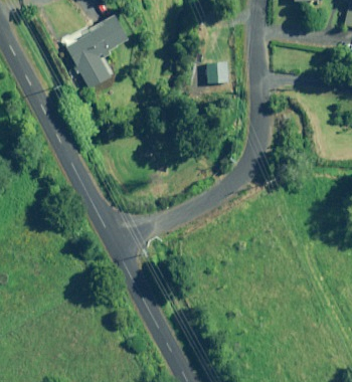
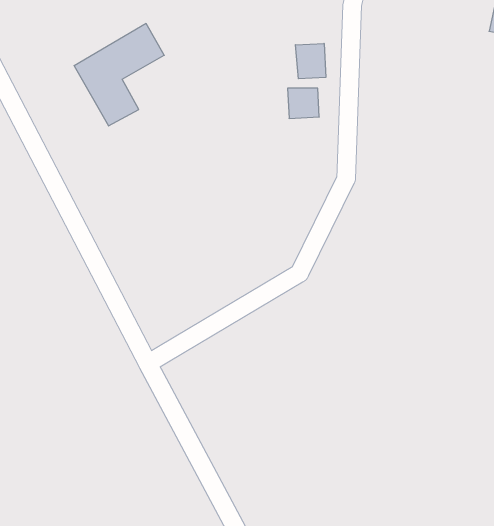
building: none -> [295,43,326,79]

